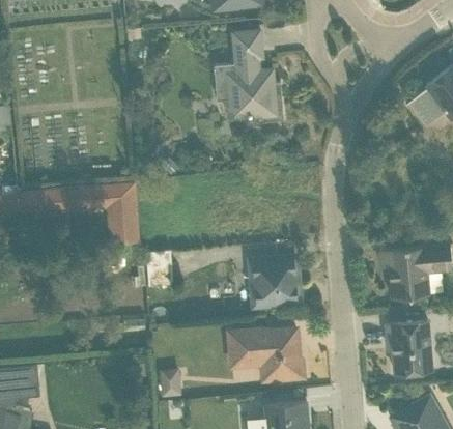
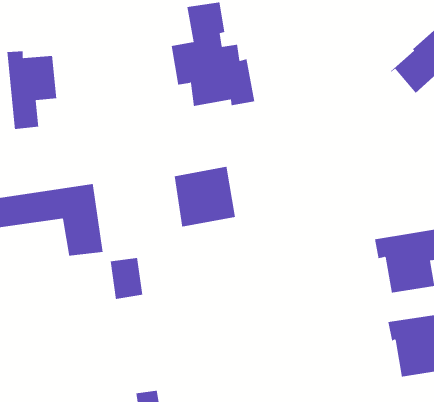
building: none -> [7,50,57,130]
building: [247,255,299,306] -> [174,166,236,227]
building: [226,326,304,379] -> none

